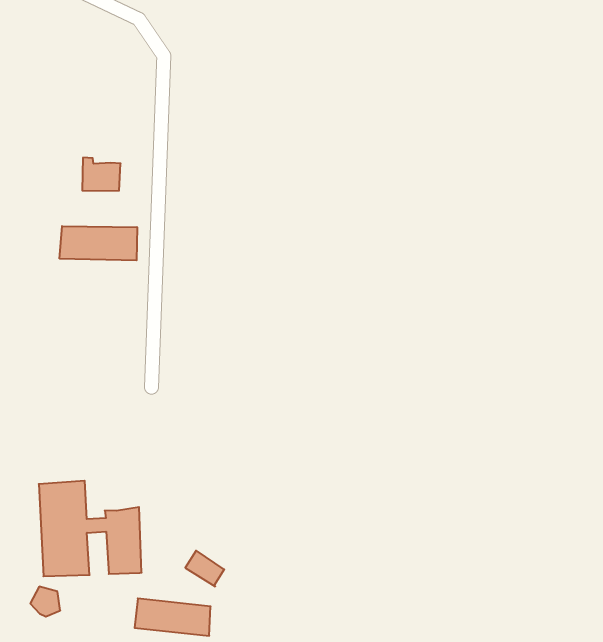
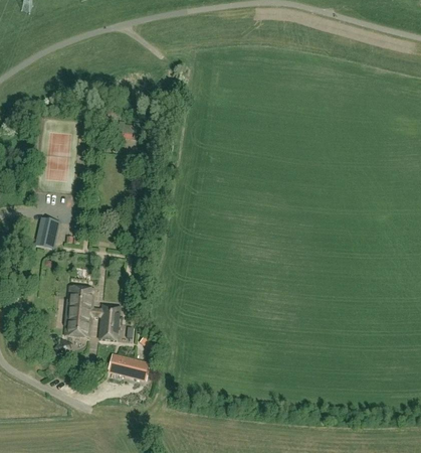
building: [60,226,137,260] -> none

